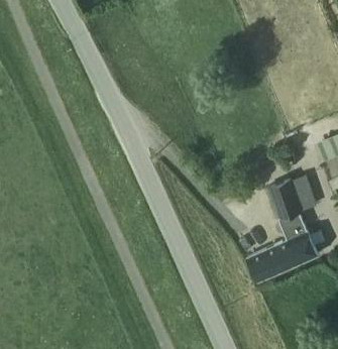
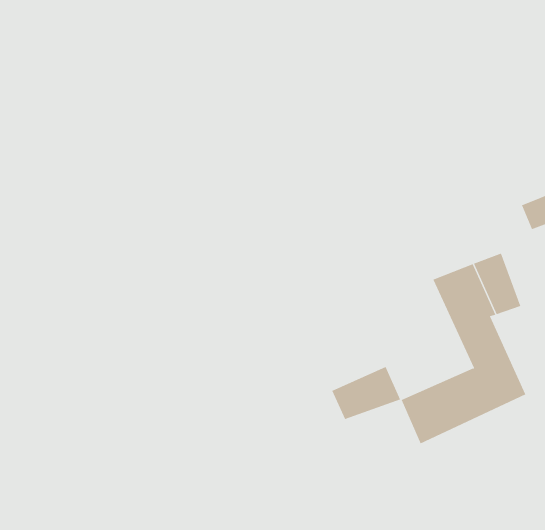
building: none -> [332,366,401,420]

